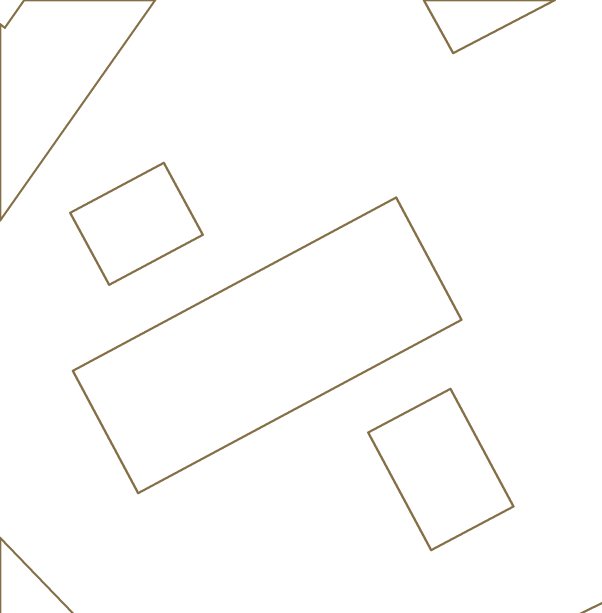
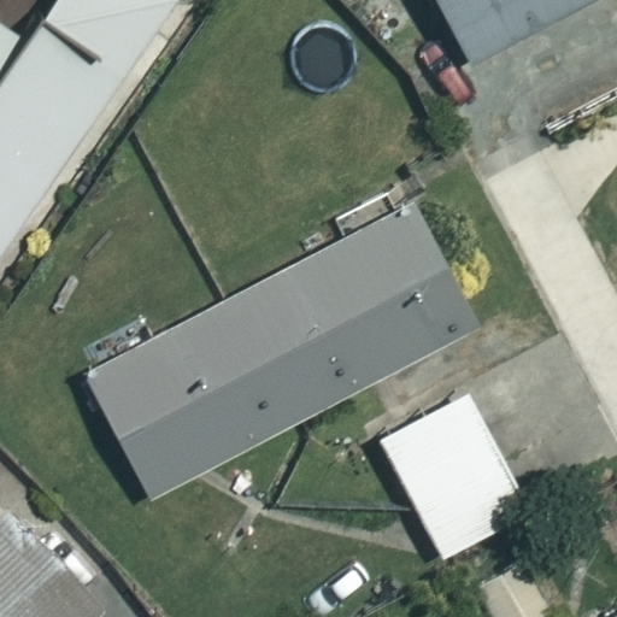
building: [70,163,203,285] -> none

